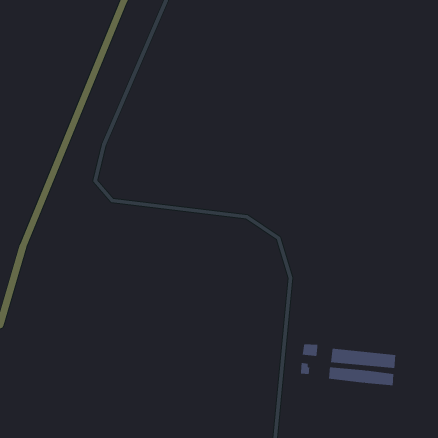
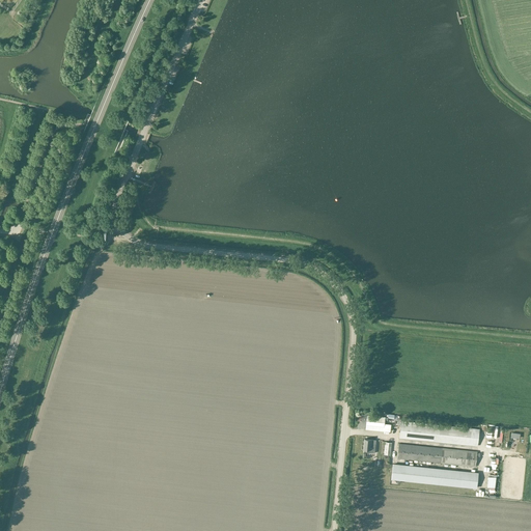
building: none -> [392,465,477,488]

